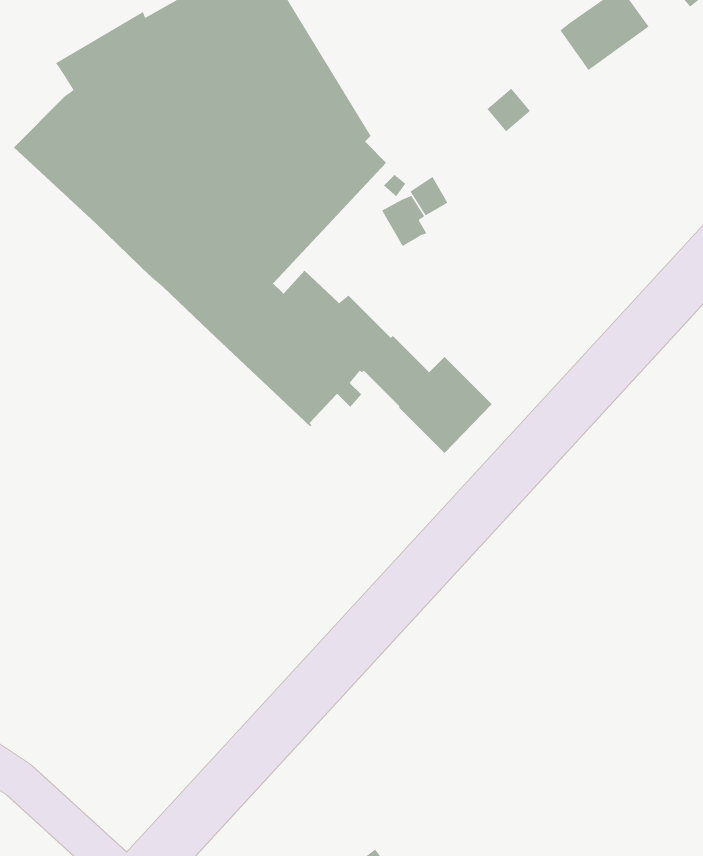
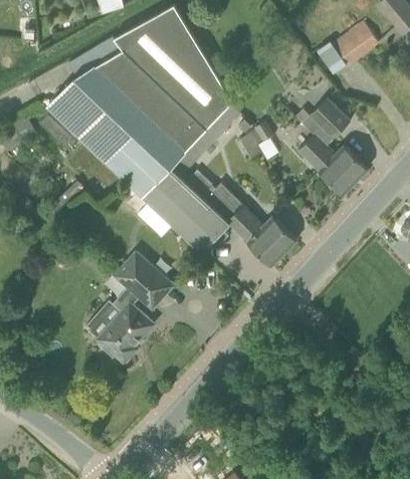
building: none -> [297,98,368,196]
building: none -> [84,251,174,364]

